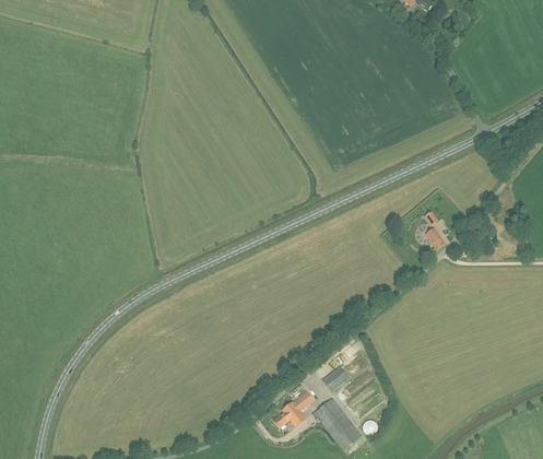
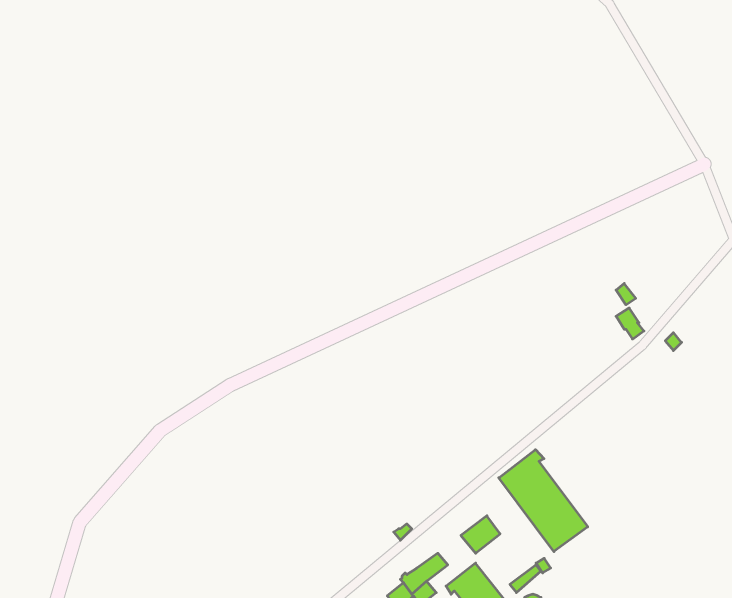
building: none -> [499,450,588,552]

